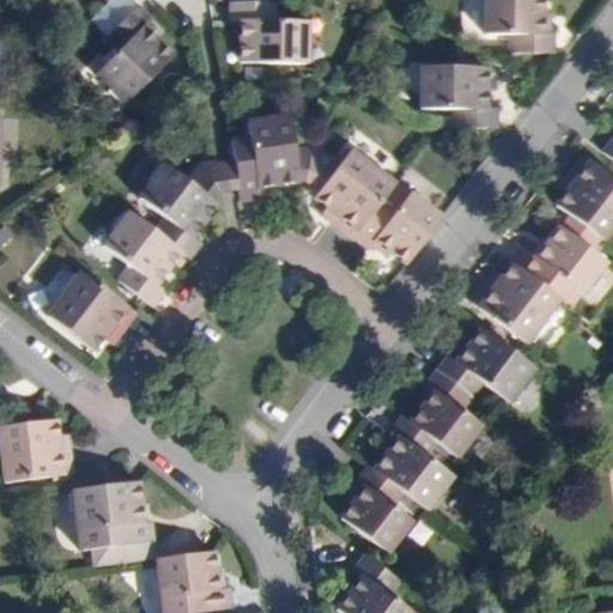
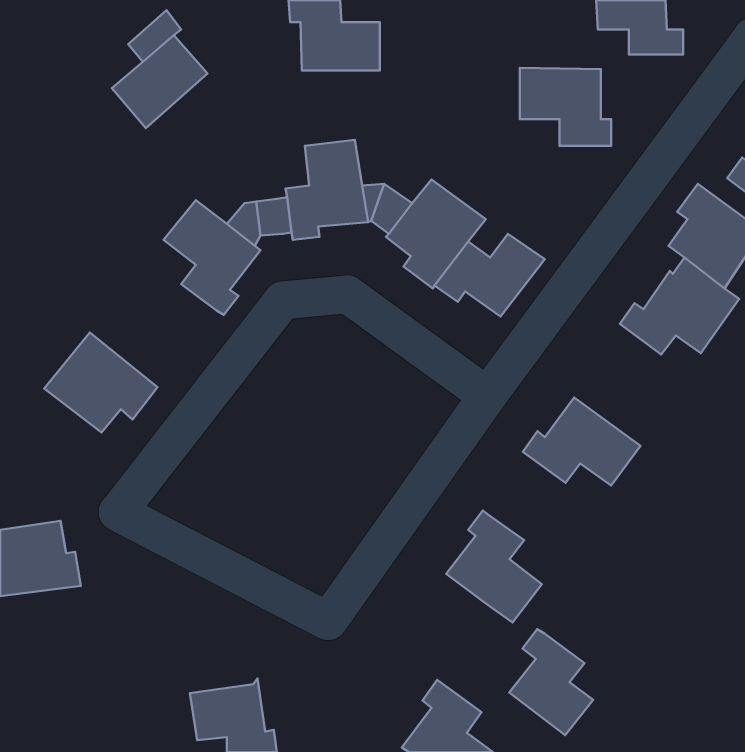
building: [102,211,182,305] -> none
building: [463,260,551,338] -> none
building: [403,368,474,454] -> none
building: [340,463,408,550] -> [509,629,593,735]
building: [72,486,156,572] -> none

